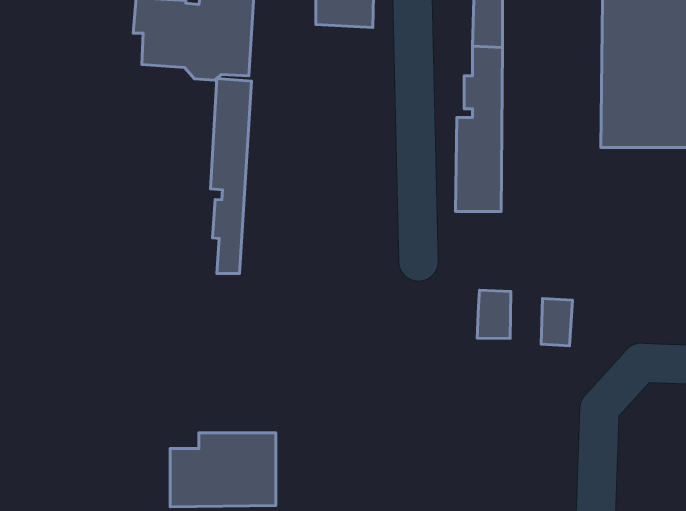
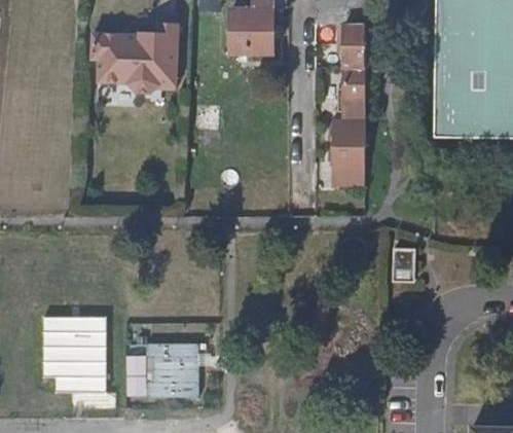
building: [210,78,252,274] -> none
building: [477,290,511,339] -> none
building: none -> [41,317,107,392]

